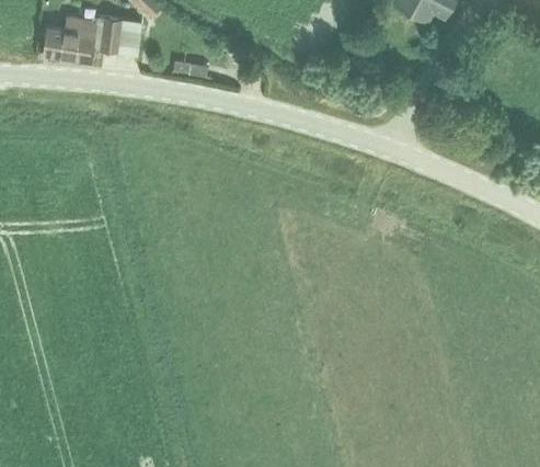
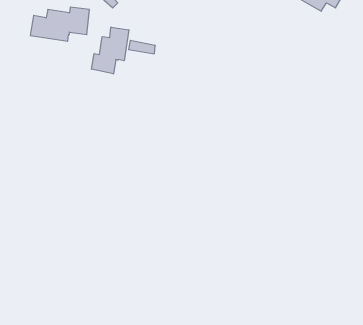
building: none -> [91,27,129,74]

